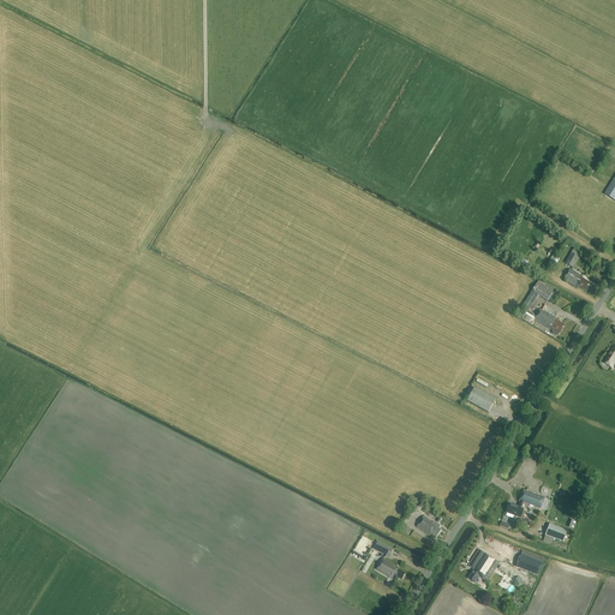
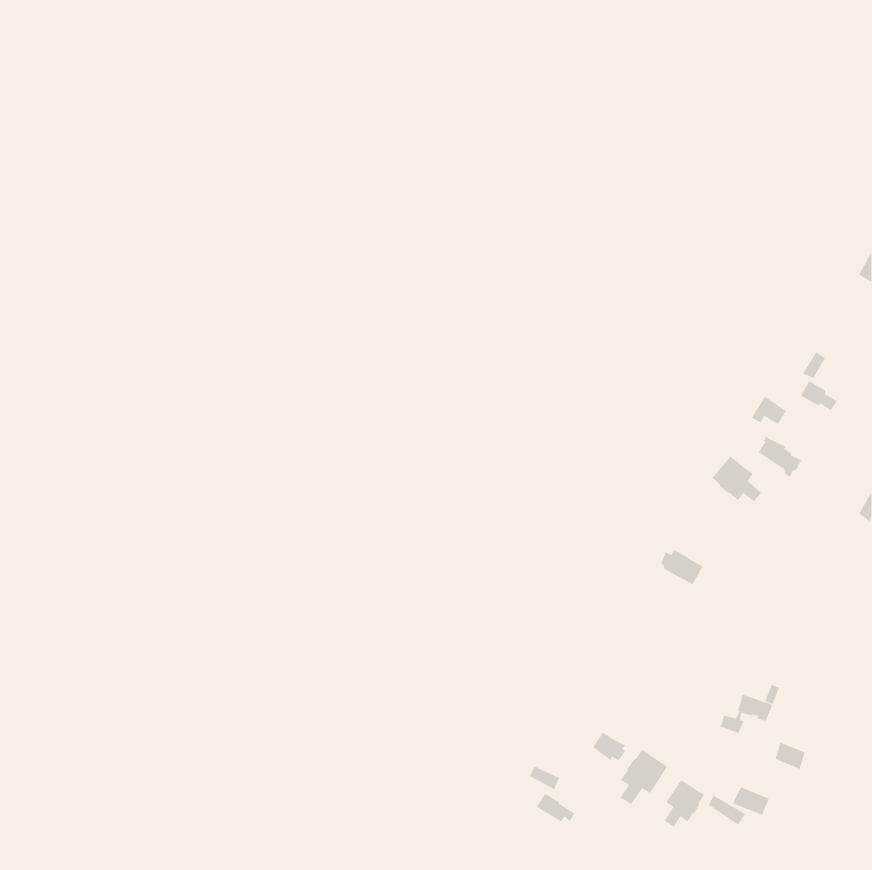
building: none -> [712,456,762,502]
building: none -> [620,749,668,805]

